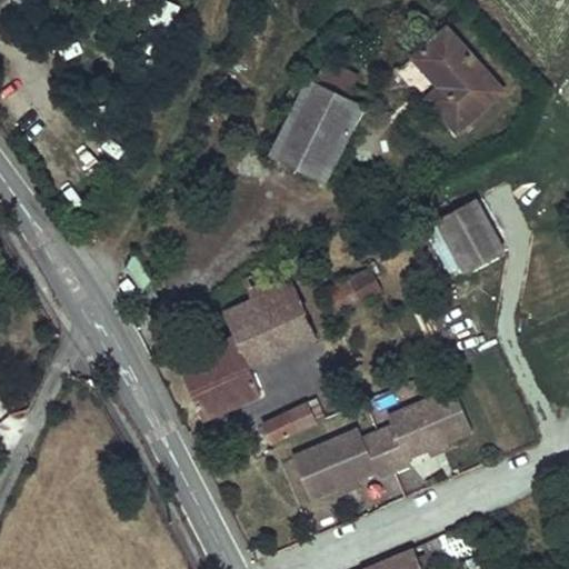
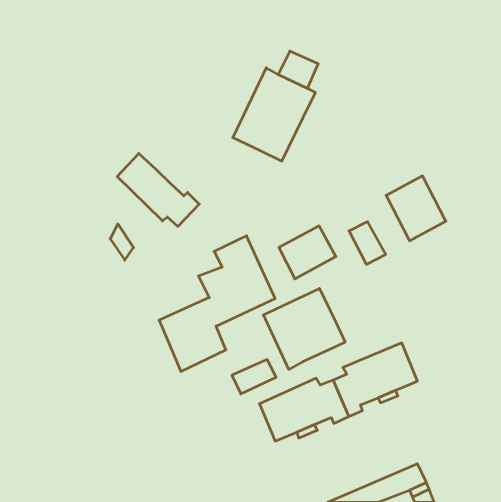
building: [409,28,498,131] -> none
building: none -> [117,153,199,226]
building: none -> [349,222,386,264]
building: none -> [263,288,345,369]

